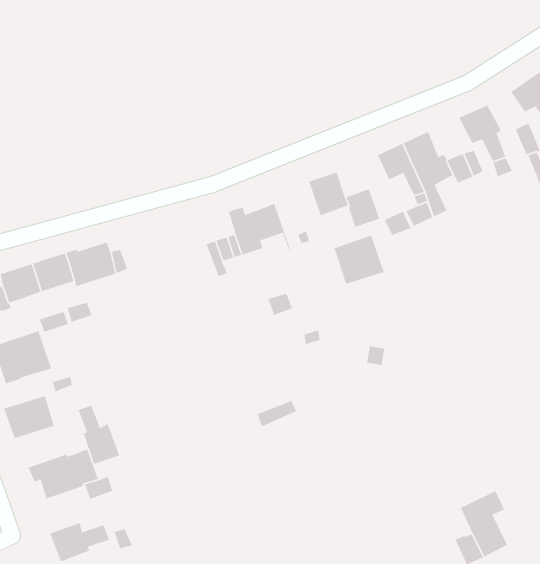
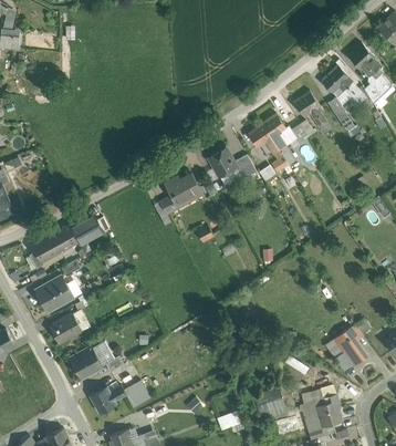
building: [333,235,385,285] -> none
building: [77,405,120,465] -> none

